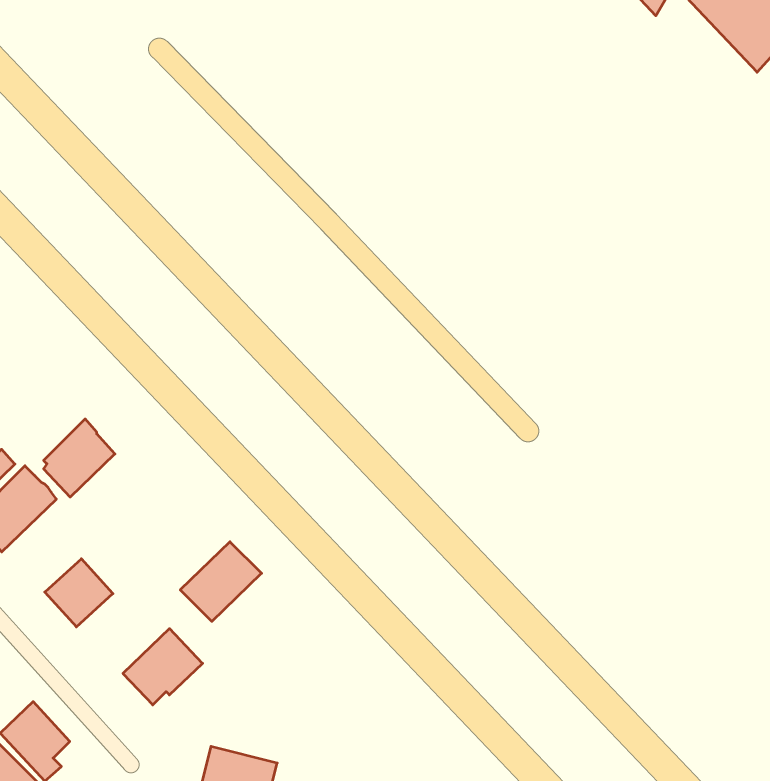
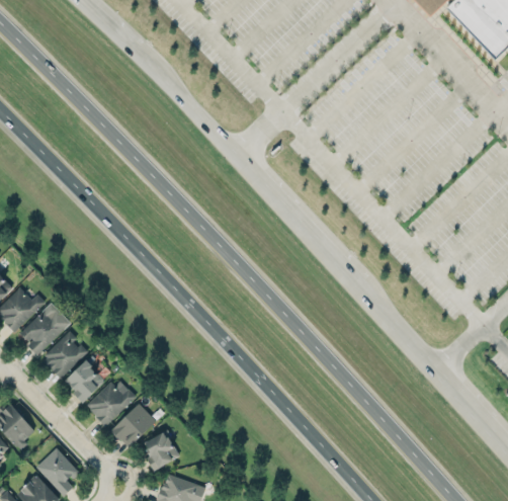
building: [44,419,115,497] -> [45,329,88,377]
building: [180,542,262,621] -> [86,377,136,425]
building: none -> [142,431,177,468]

